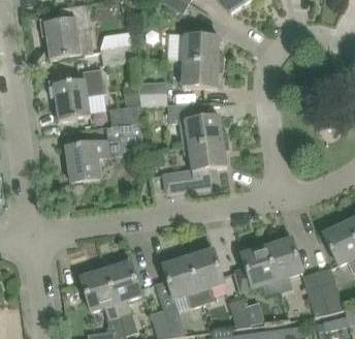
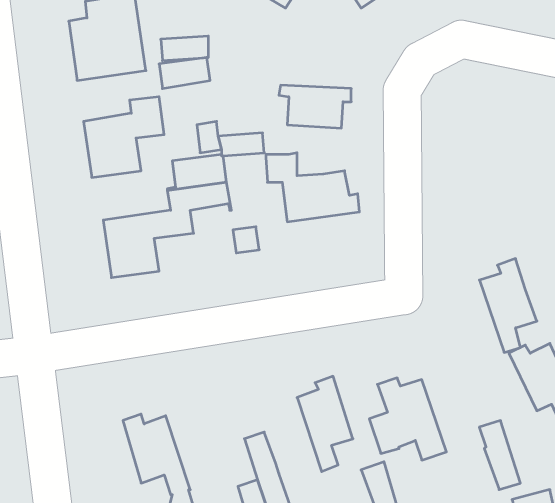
building: [166,32,223,63] -> none
building: [162,141,228,193] -> none
building: [266,233,302,291] -> [479,259,537,352]
building: [105,256,141,315] -> none
building: [162,256,203,308] -> none
building: [316,267,345,311] -> none

